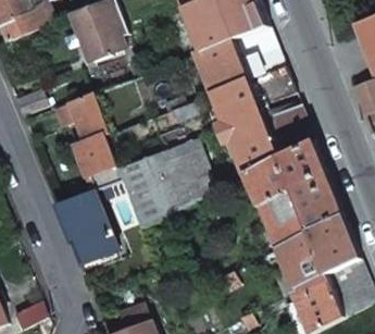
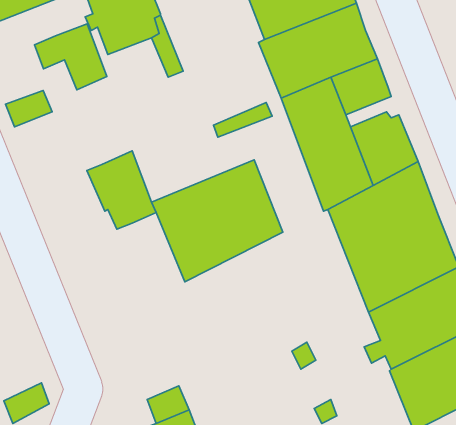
building: [52,94,104,141] -> [35,24,107,90]
building: [55,184,114,263] -> none

